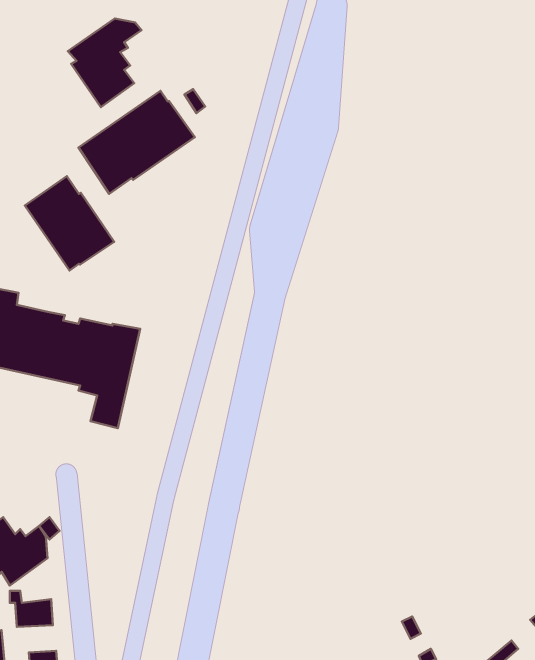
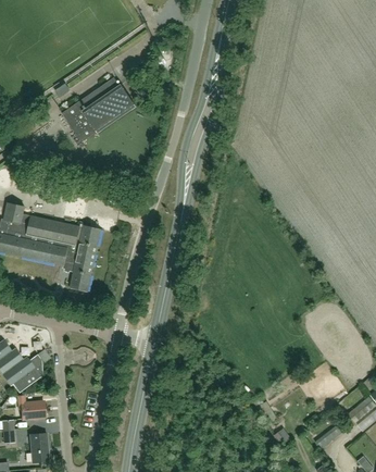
building: [68,19,141,107] -> none
building: [25,176,114,270] -> none

